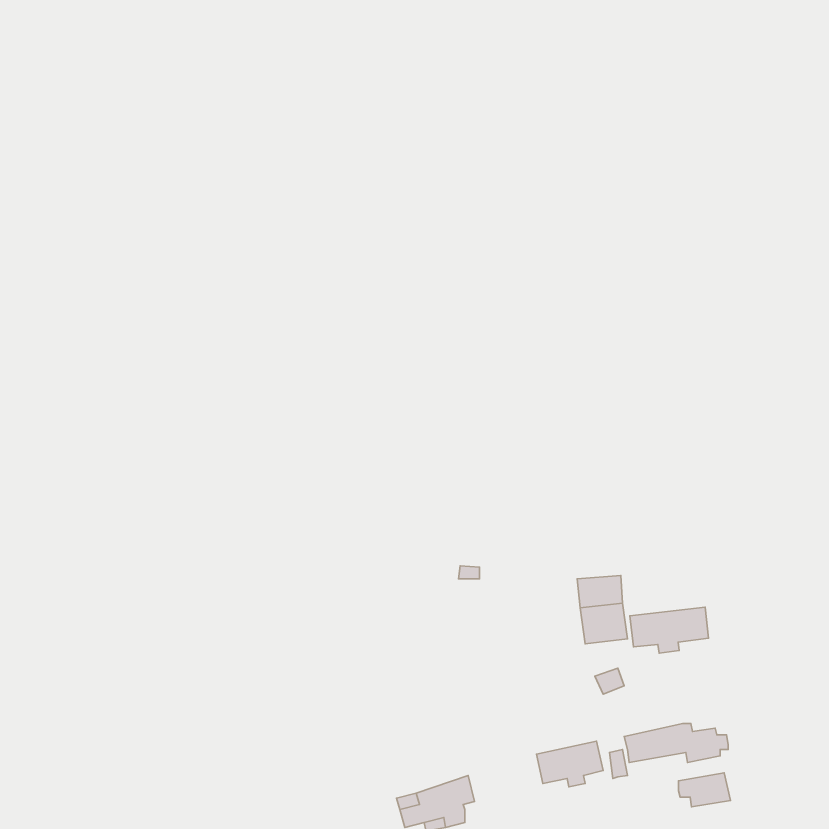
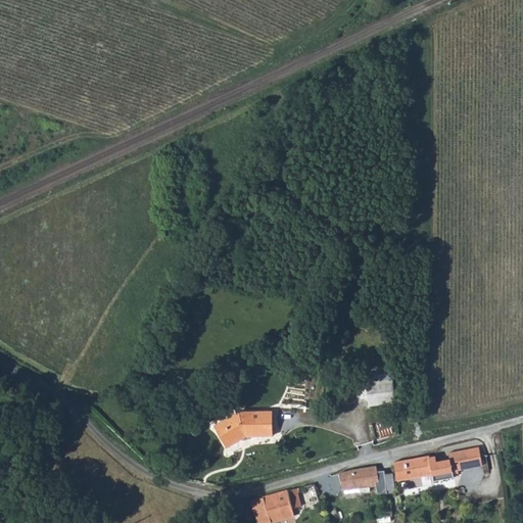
building: [630,607,708,653] -> none
building: none -> [212,411,272,447]
building: [679,773,731,807] -> [449,447,482,469]

